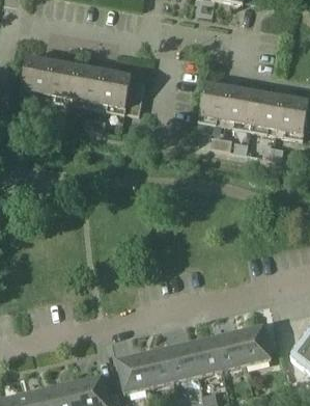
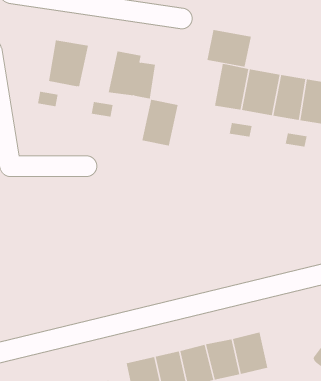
building: none -> [207,29,251,67]
building: [21,55,52,98] -> none
building: [75,64,109,108] -> [141,99,178,146]
building: [242,325,272,363] -> none

